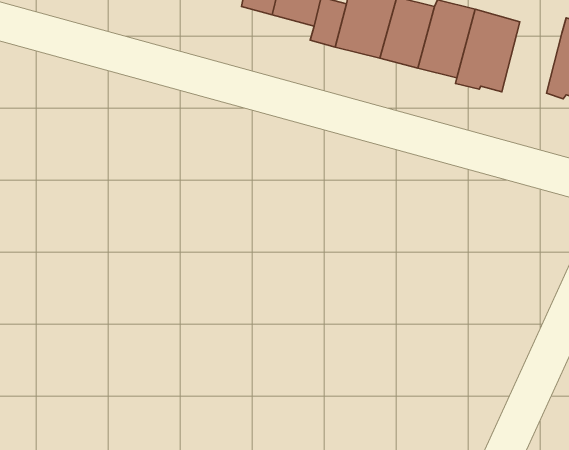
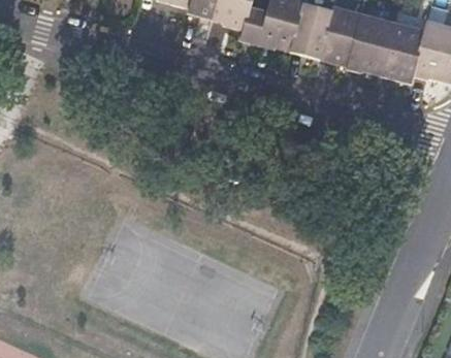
building: none -> [380,23,424,83]

